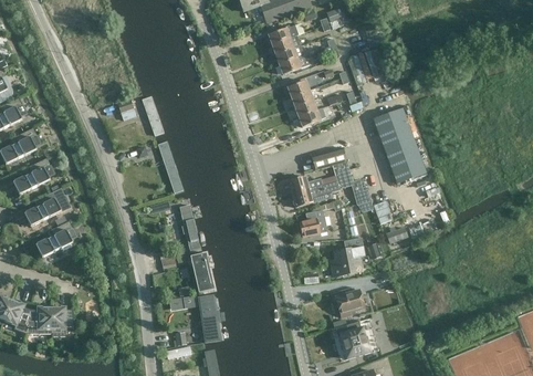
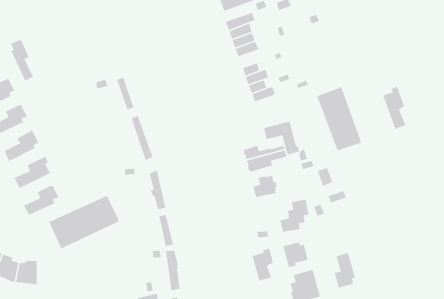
building: none -> [10,38,34,82]
building: none -> [382,85,407,130]
building: none -> [48,195,120,250]
building: none -> [251,248,274,281]
building: none -> [334,252,356,288]
building: [52,307,74,336] -> none

